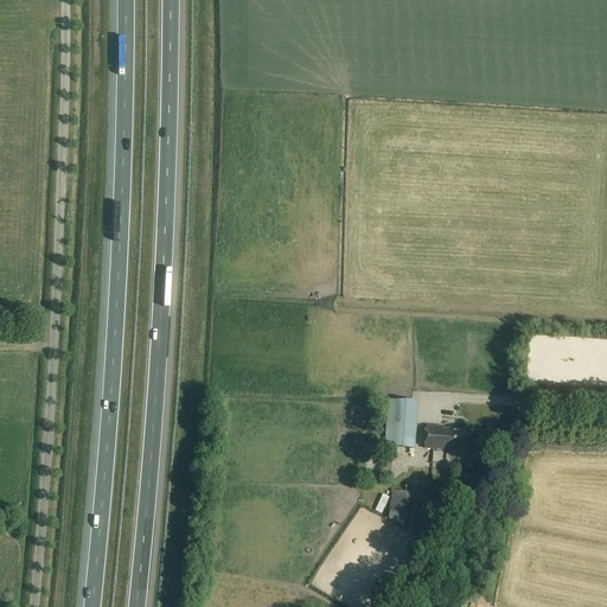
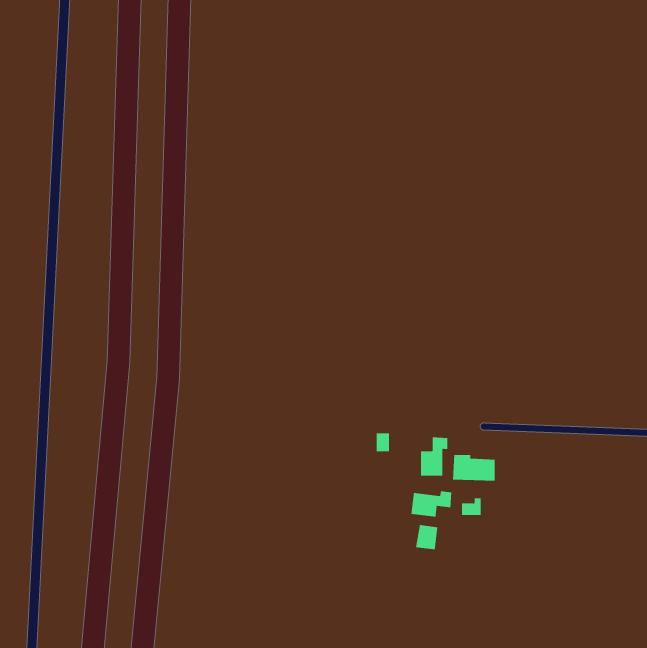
building: none -> [411,491,452,518]

